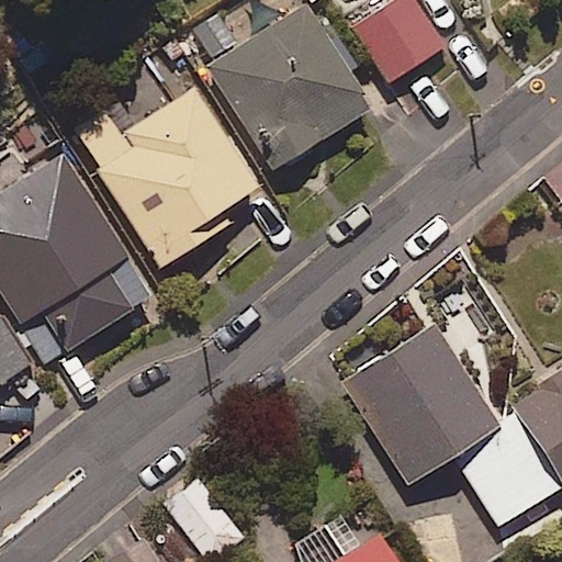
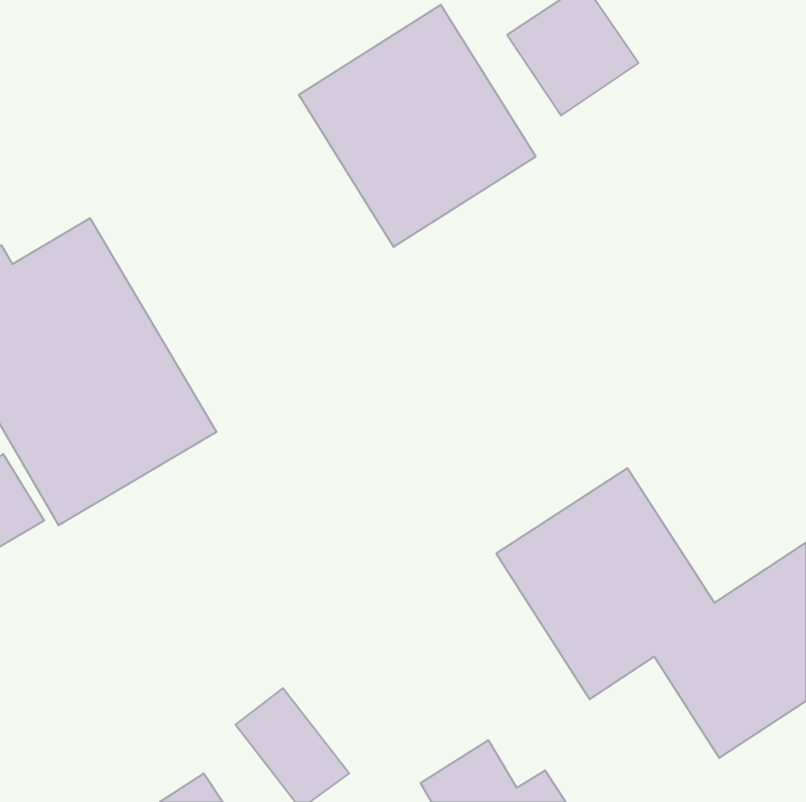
building: [70,88,258,269] -> none

